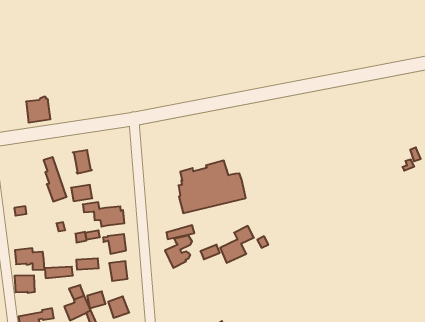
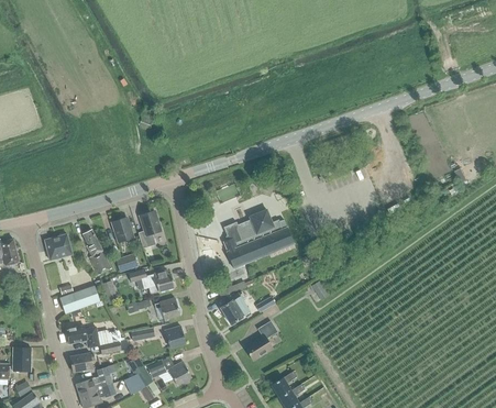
building: [26,97,51,122] -> [44,231,71,260]
building: none -> [137,210,161,247]
building: none -> [59,285,99,313]
building: [220,226,254,263] -> [244,320,277,361]
building: none -> [75,364,115,396]

